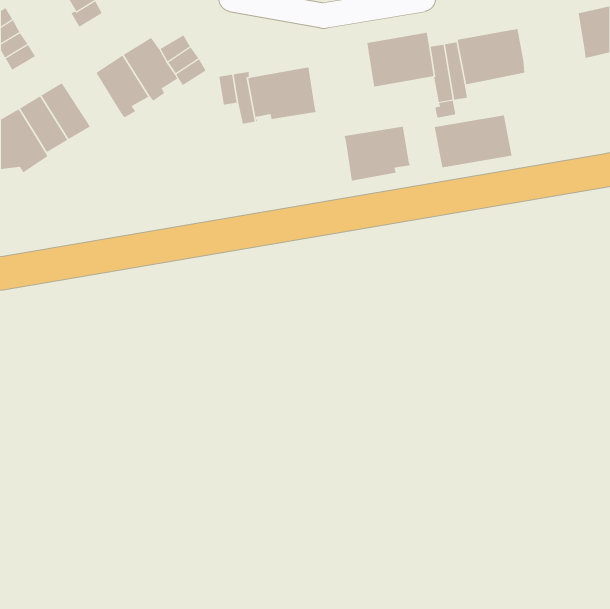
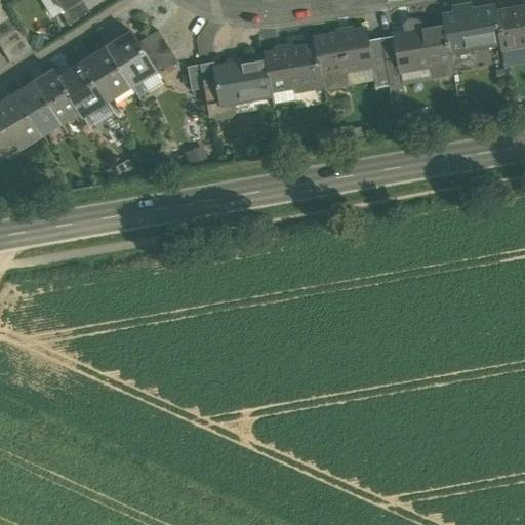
building: none -> [443,5,501,52]
building: none -> [57,63,104,117]
building: [434,115,512,168] -> none
building: [344,126,411,181] -> [265,44,322,91]

